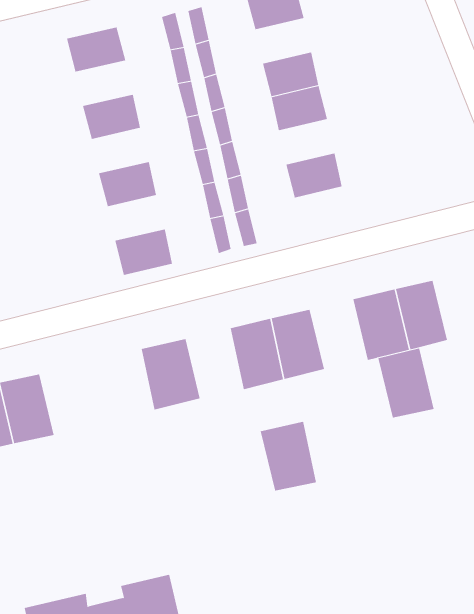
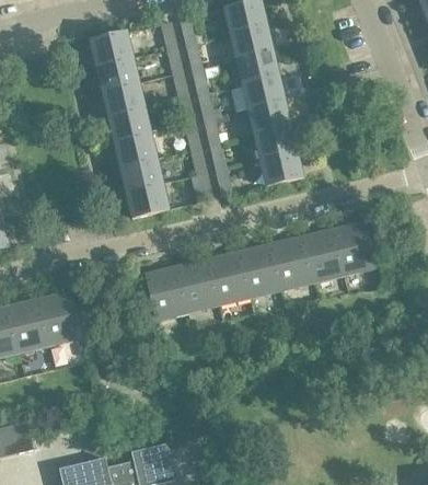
building: none -> [231,26,274,60]
building: none -> [96,58,140,92]
building: none -> [248,102,291,136]
building: none -> [108,108,152,142]
building: none -> [261,152,303,187]
building: none -> [120,159,164,193]
building: [377,348,434,418] -> [273,236,315,289]
building: [260,421,317,491] -> [180,258,222,311]

